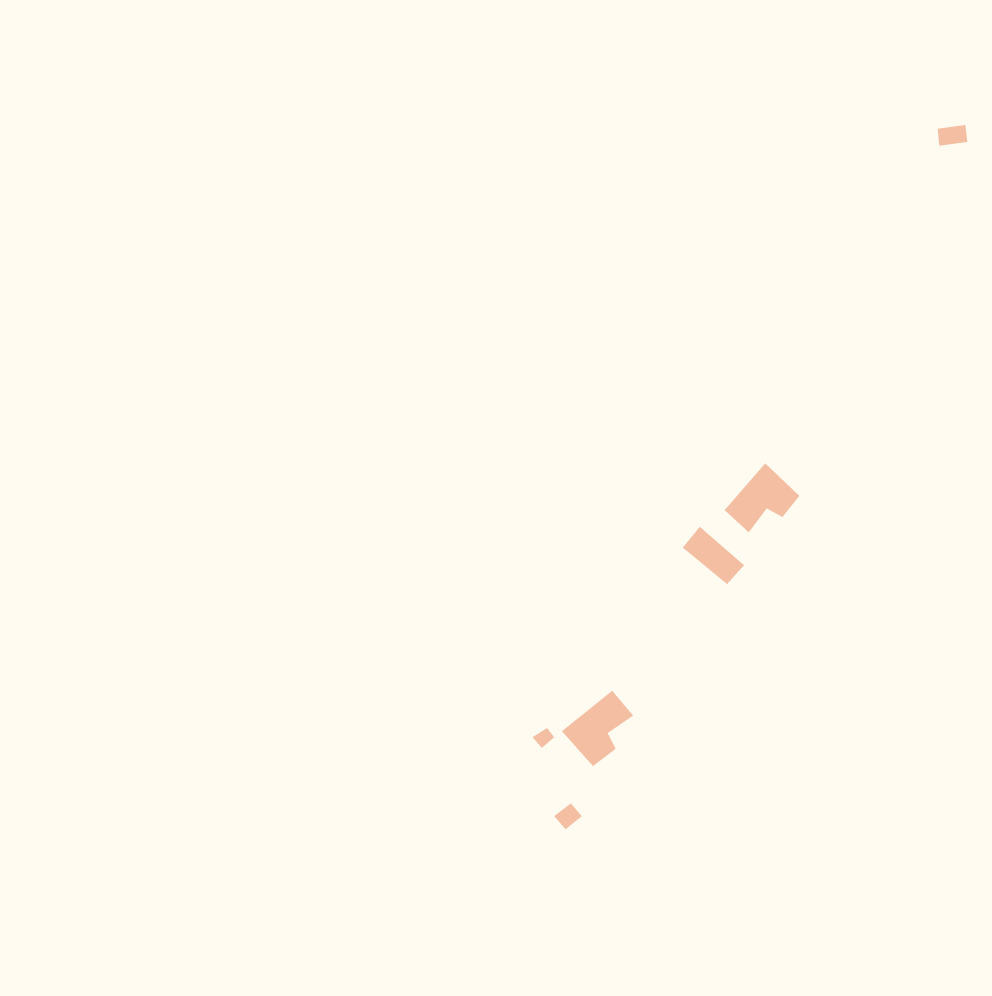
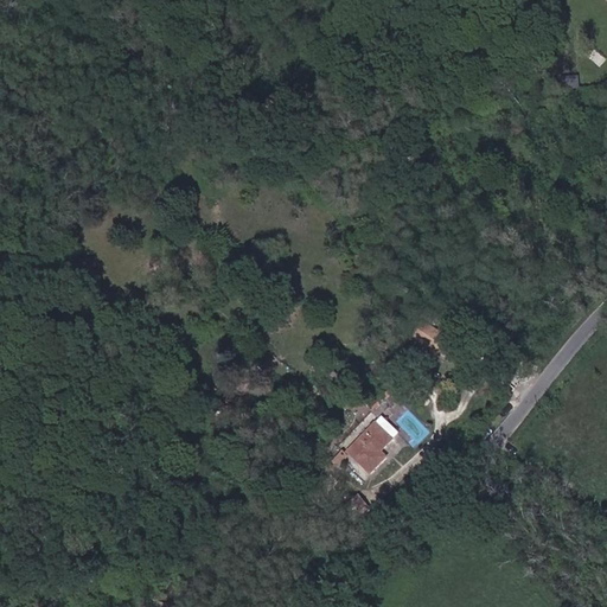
building: [724,462,800,533] -> none

